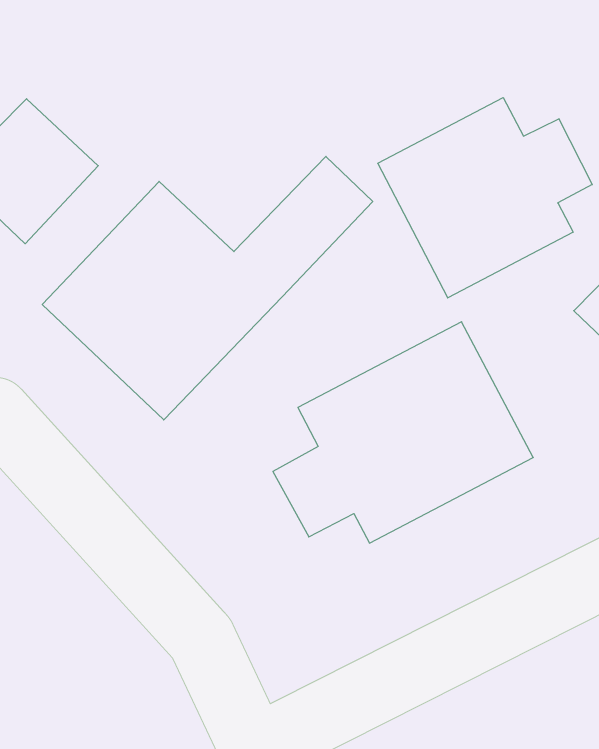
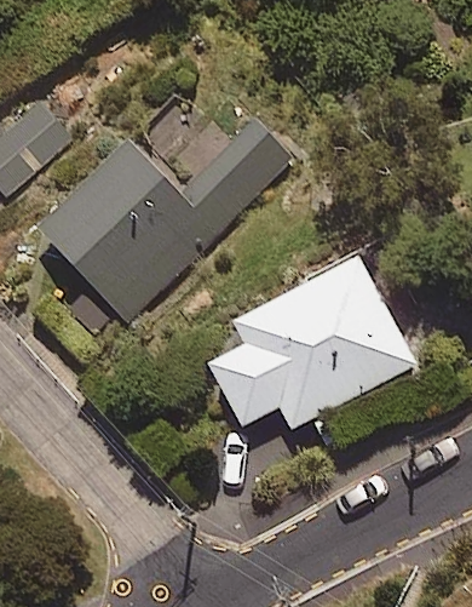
building: [378,98,592,298] -> none

